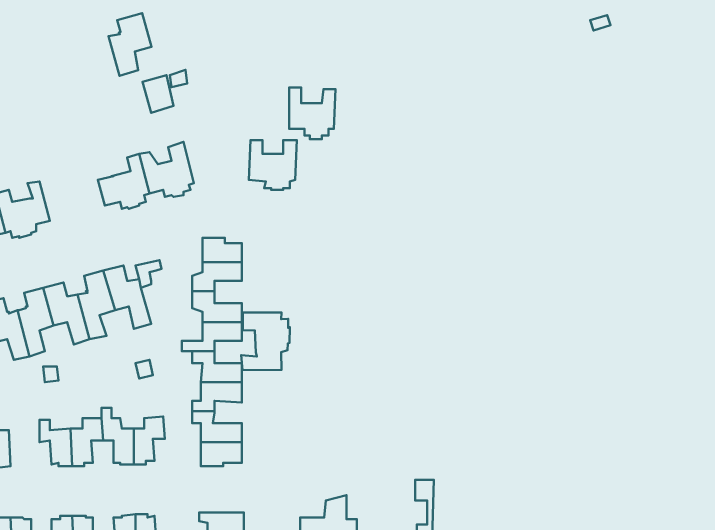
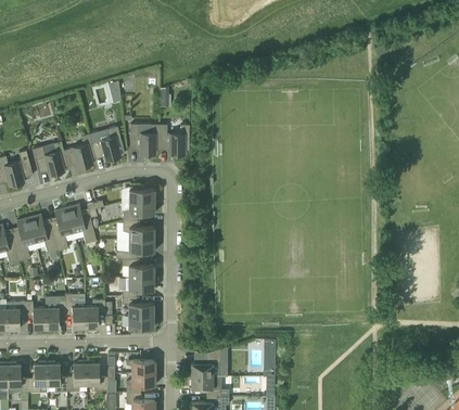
building: [109,13,152,76] -> none
building: [289,88,335,139] -> [130,124,160,156]
building: none -> [33,141,67,176]
building: [241,312,290,370] -> none
building: none -> [7,302,26,331]

